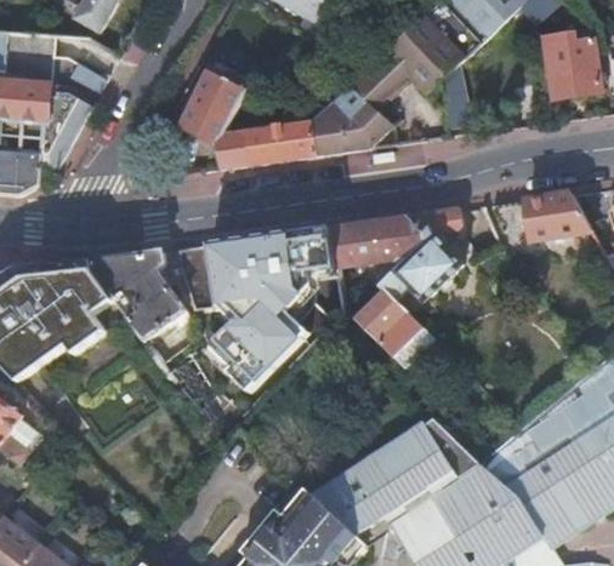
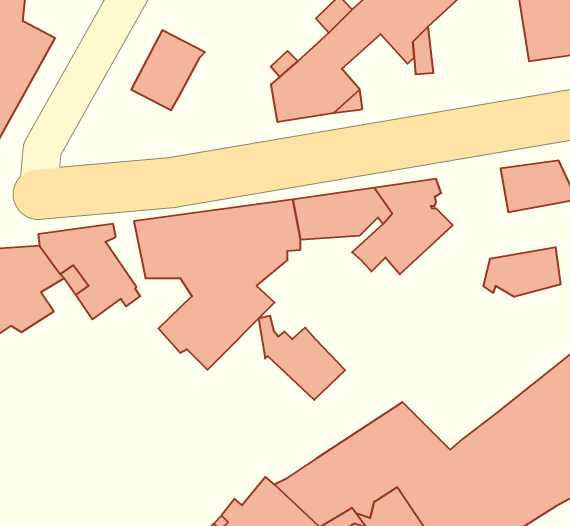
building: [214,116,313,168] -> none
building: none -> [483,247,561,297]
building: [348,274,430,353] -> [259,316,345,400]

